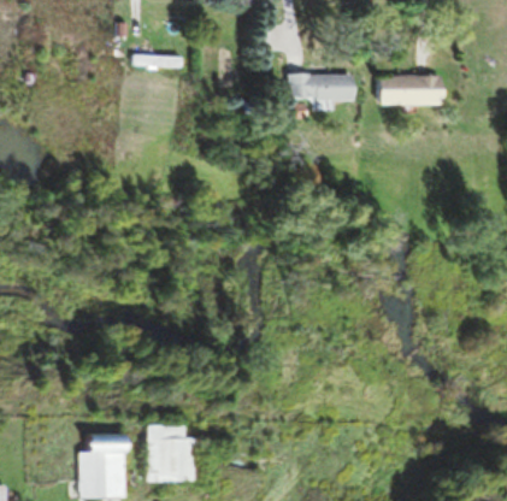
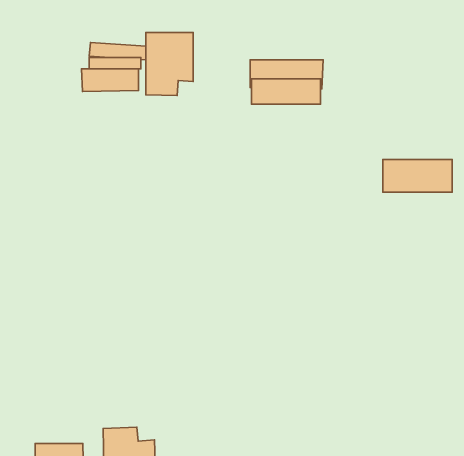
building: none -> [146,32,193,95]
building: [376,72,442,104] -> [383,159,452,192]
building: none -> [82,69,138,92]

